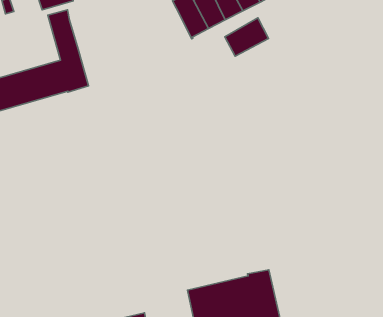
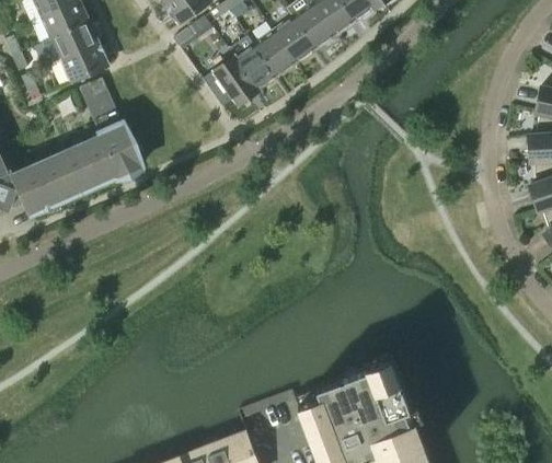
building: none -> [203,56,257,105]
building: [225,18,269,56] -> none

